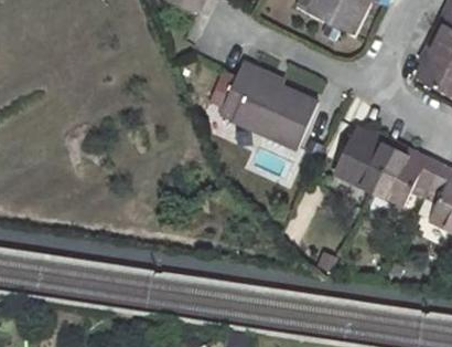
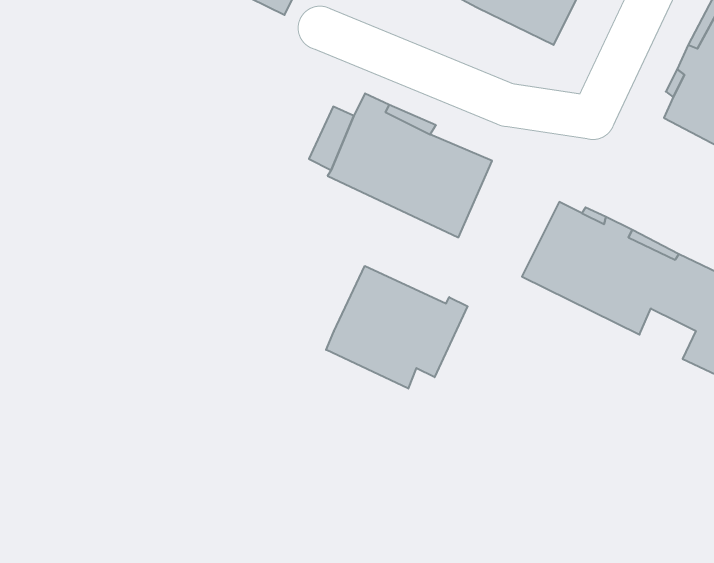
building: none -> [326,266,468,389]

